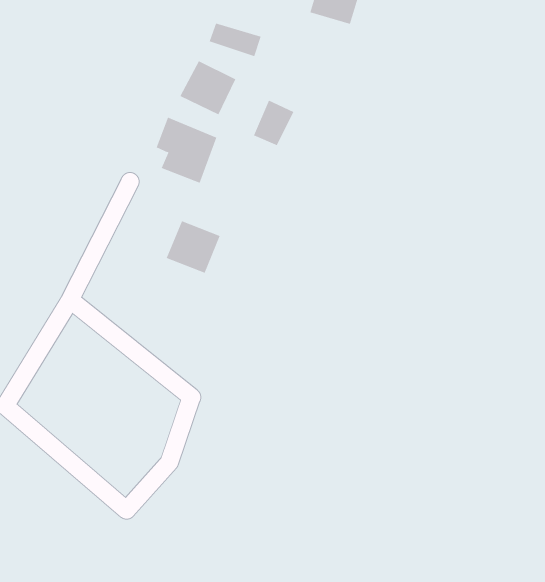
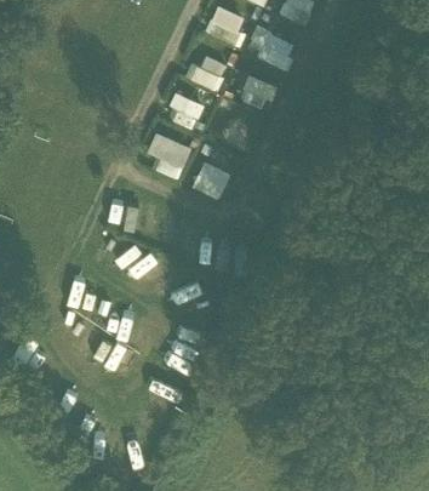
building: none -> [236,73,276,112]
building: [166,221,221,274] -> [191,161,230,199]

